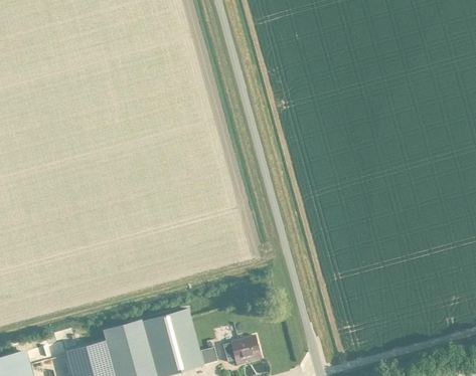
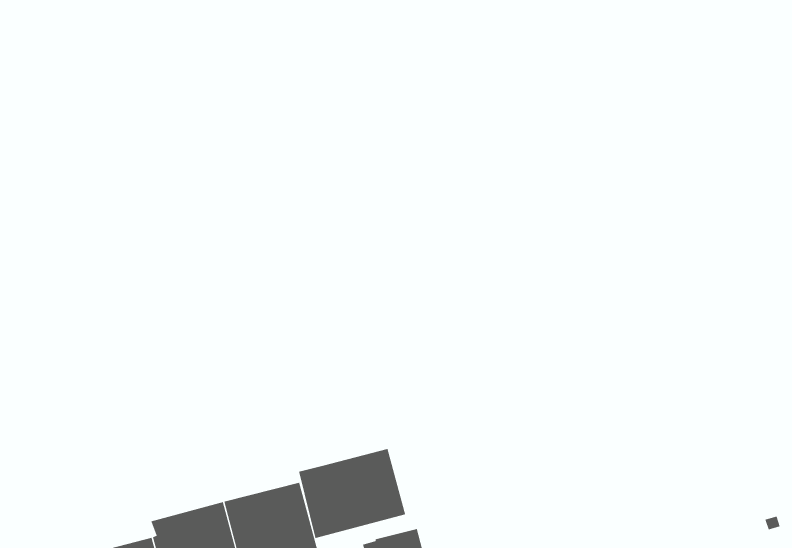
building: none -> [298,448,406,539]

